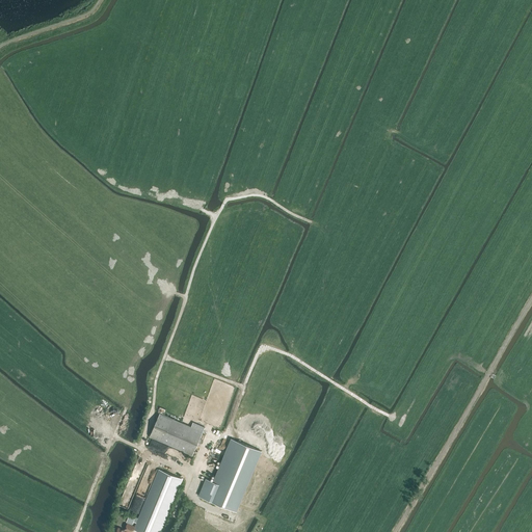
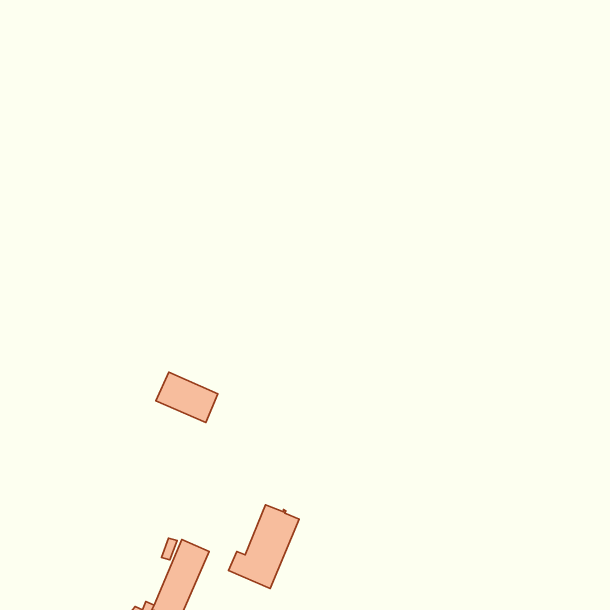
building: [147,414,201,457] -> [156,372,218,423]

